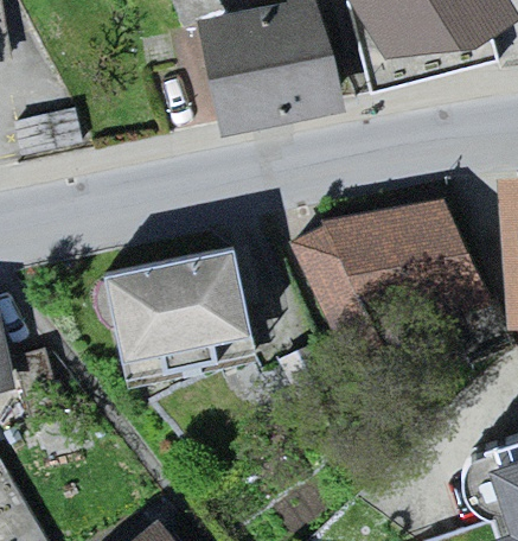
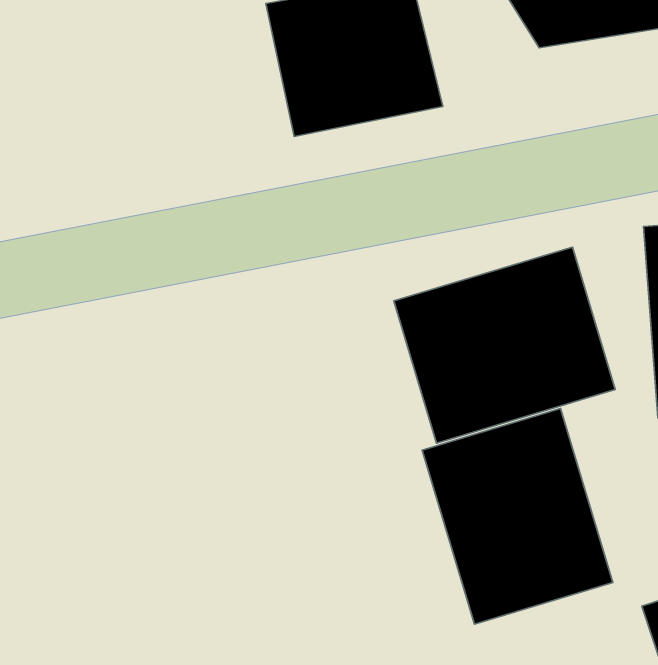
building: [90,243,242,363] -> none
building: none -> [422,408,613,624]

